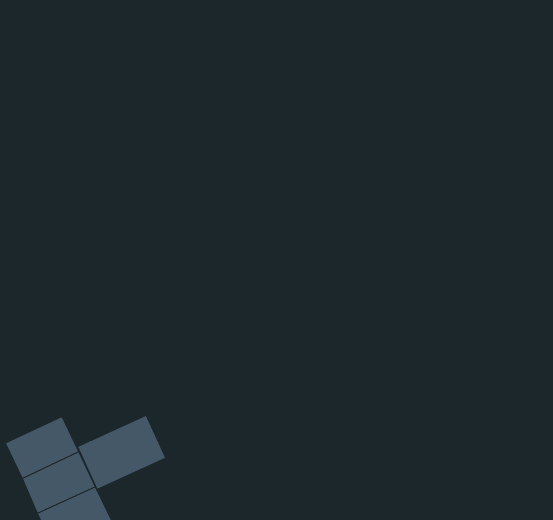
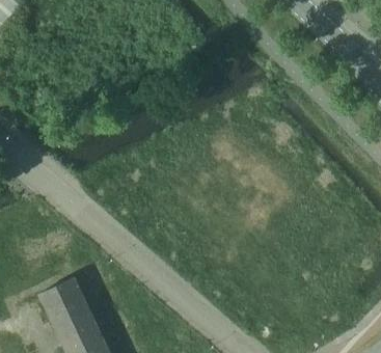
building: [78,415,166,490] -> none

